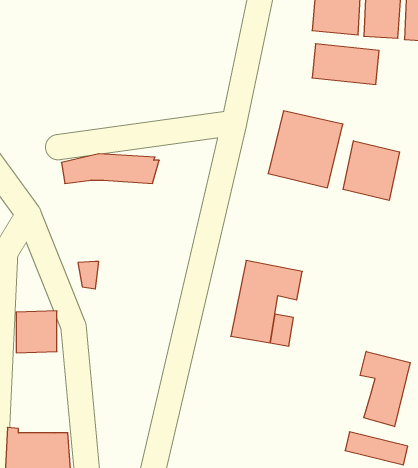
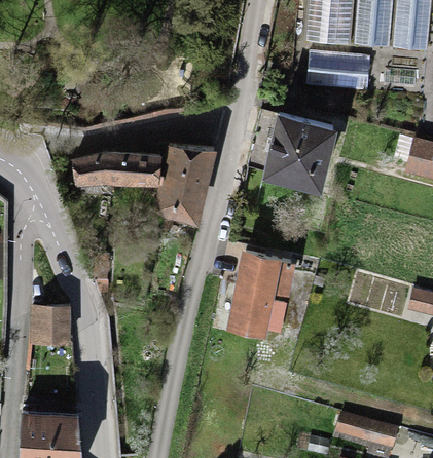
building: [343,141,400,200] -> none
building: none -> [151,147,211,219]
building: [360,351,410,427] -> none

